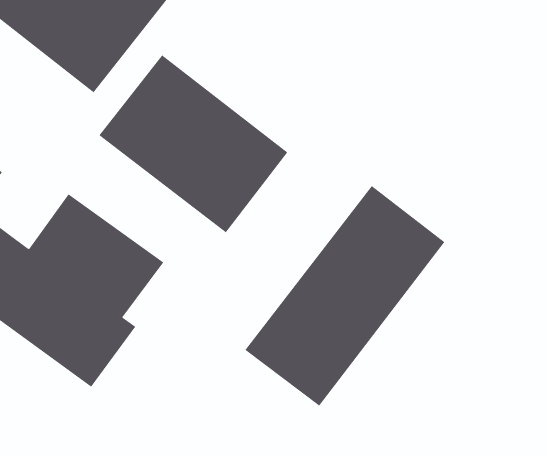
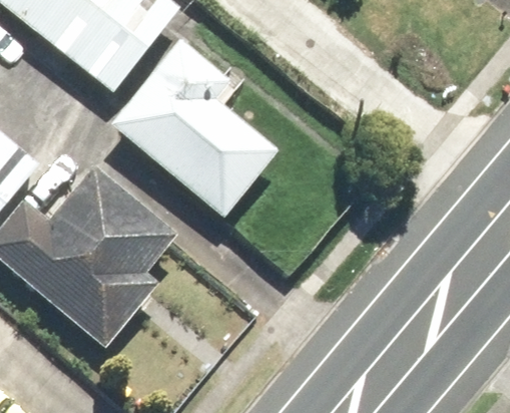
building: [244,185,445,407] -> none

